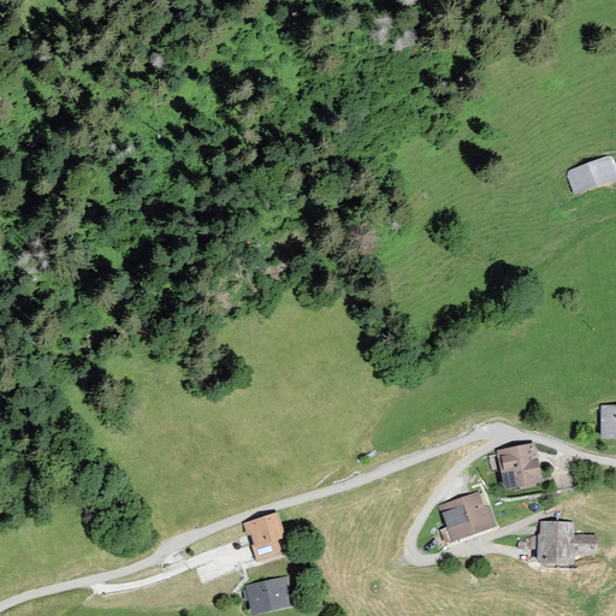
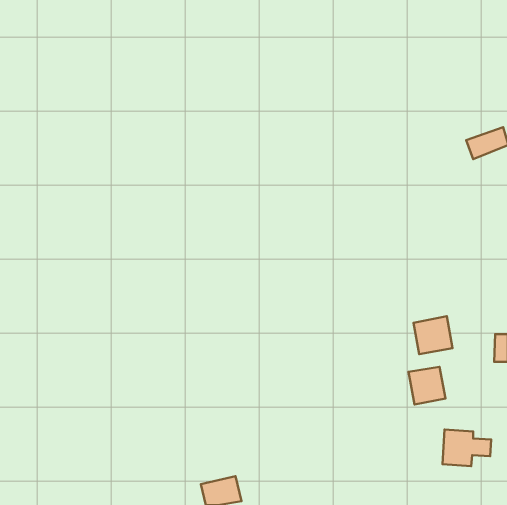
building: none -> [414,316,453,354]
building: [440,493,497,539] -> none
building: [244,514,289,562] -> none

